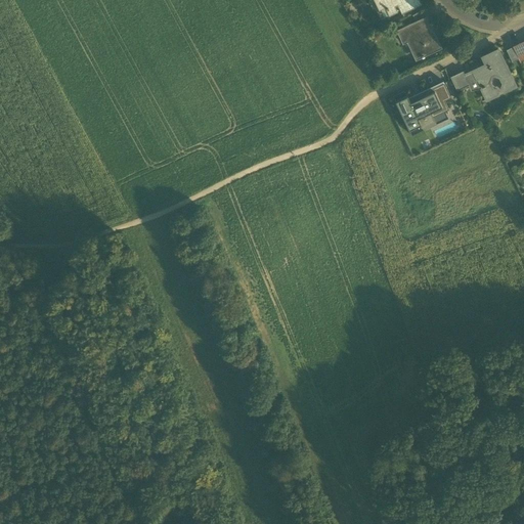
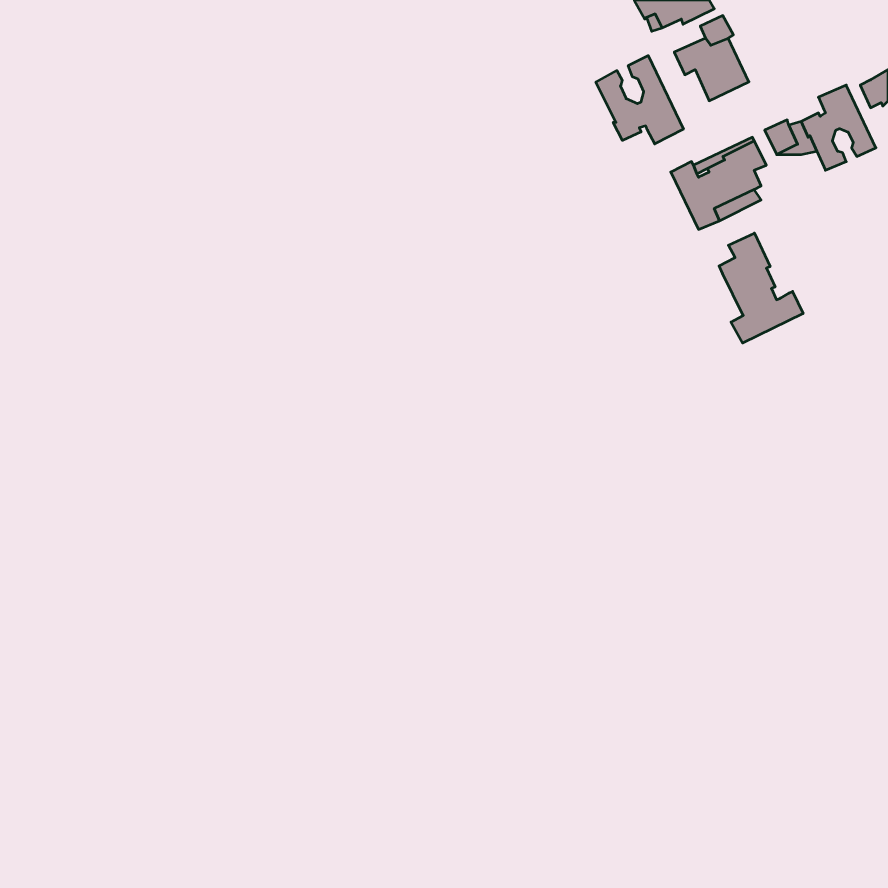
building: none -> [596,56,683,144]
building: none -> [719,233,803,343]

